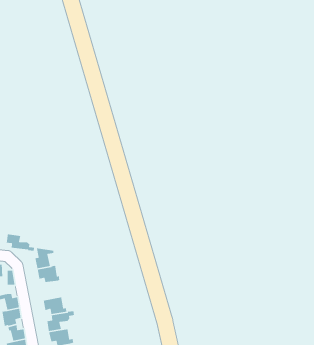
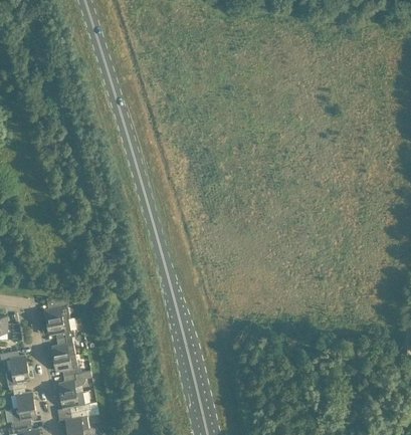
building: [6,233,35,252] -> none
building: none -> [50,338,75,360]

